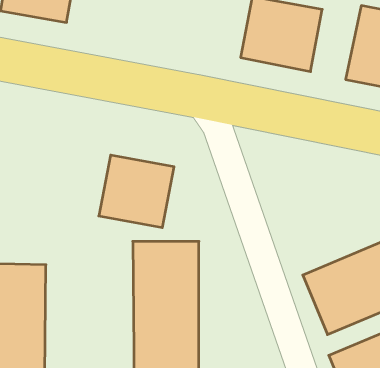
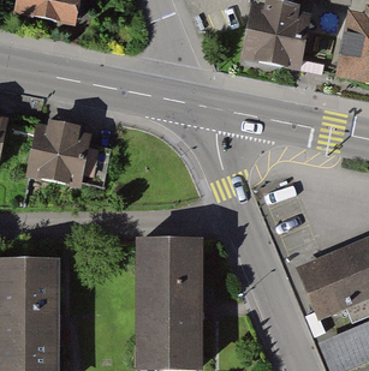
building: [99,155,174,228] -> [28,118,97,185]

